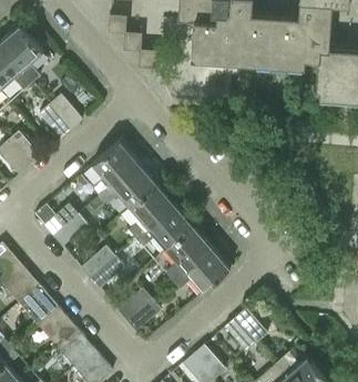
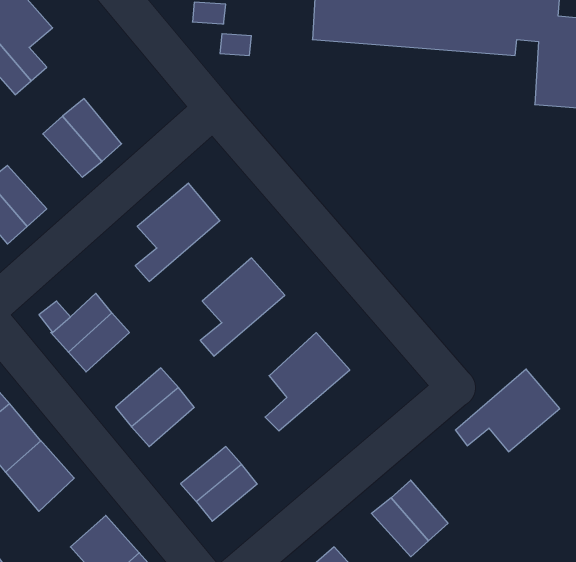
building: [99,163,156,208] -> none
building: [135,205,193,250] -> none
building: [172,247,231,293] -> [455,369,560,452]
building: [37,308,74,347] -> none

